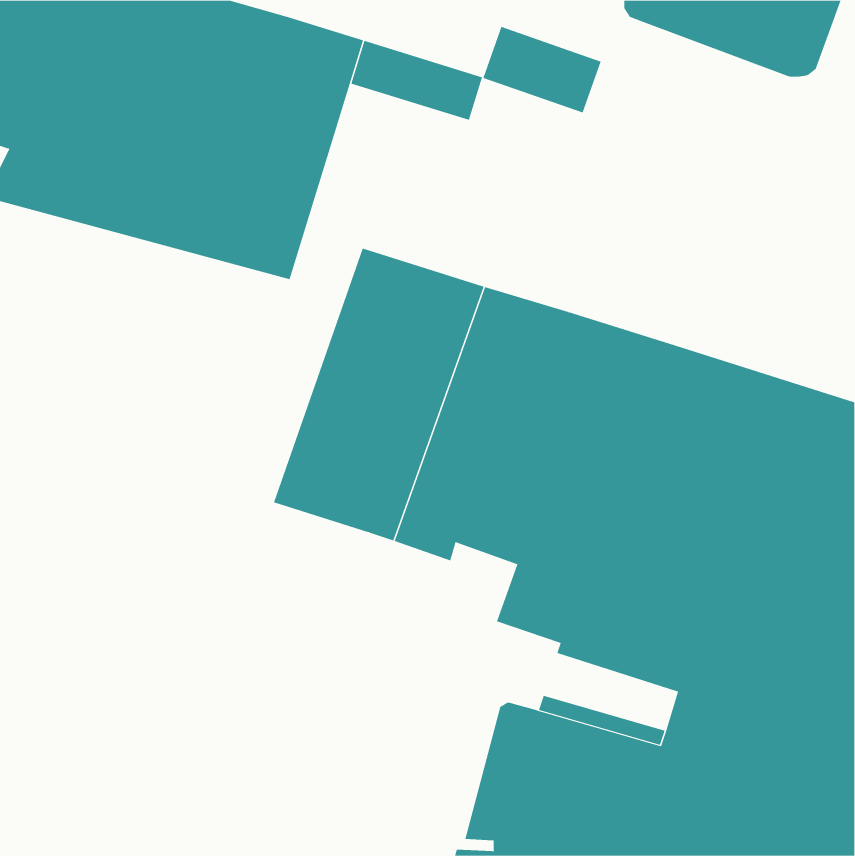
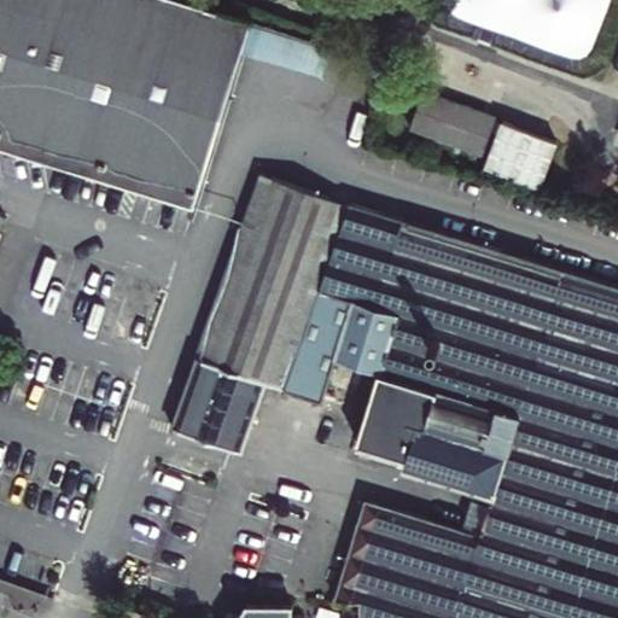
building: [482,26,602,113] -> [408,95,494,158]
building: none -> [483,126,553,192]
building: none -> [171,362,266,457]

